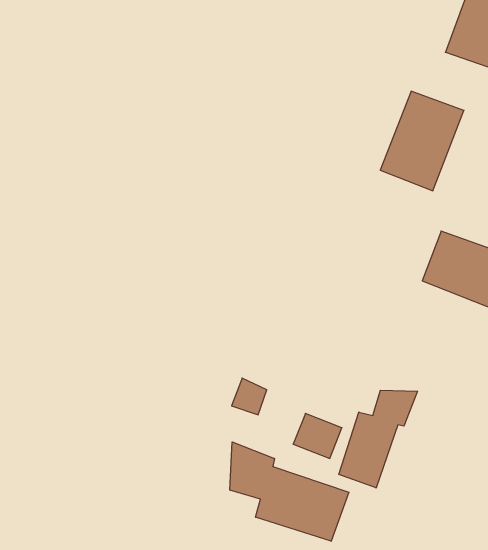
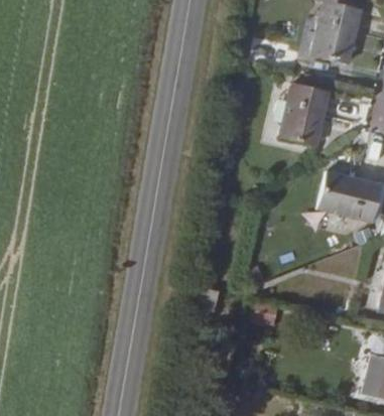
building: [339,390,418,488] -> none
building: [230,442,349,541] -> none

